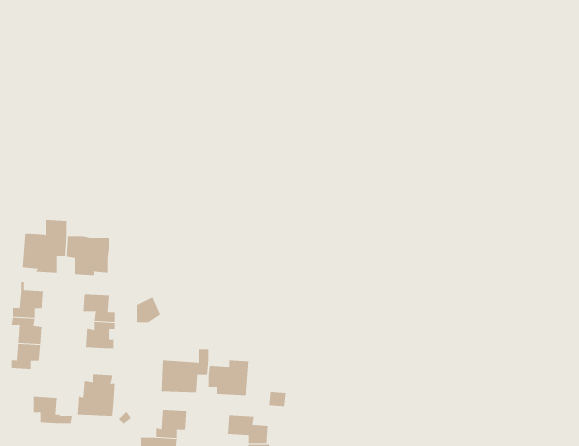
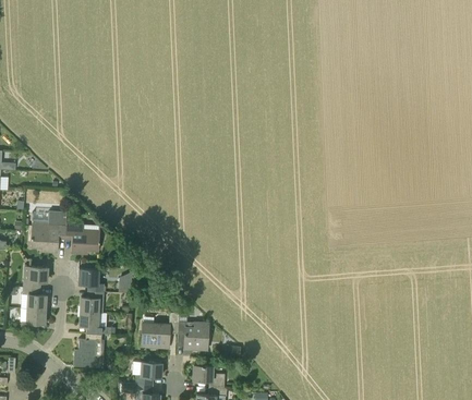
building: [33,396,73,424] -> [81,311,112,332]

